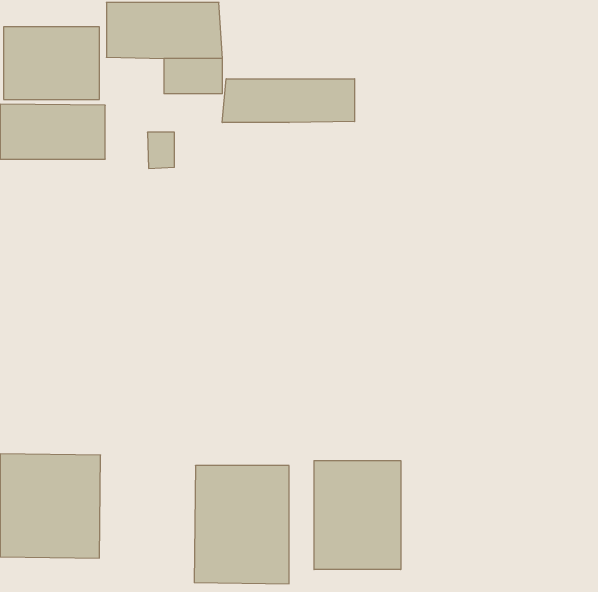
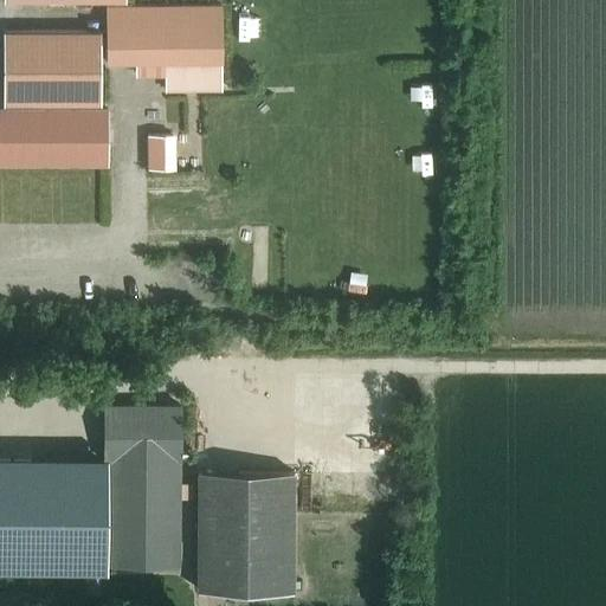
building: [222,79,355,123] -> none
building: none -> [103,411,193,572]
building: [314,461,401,570] -> none

